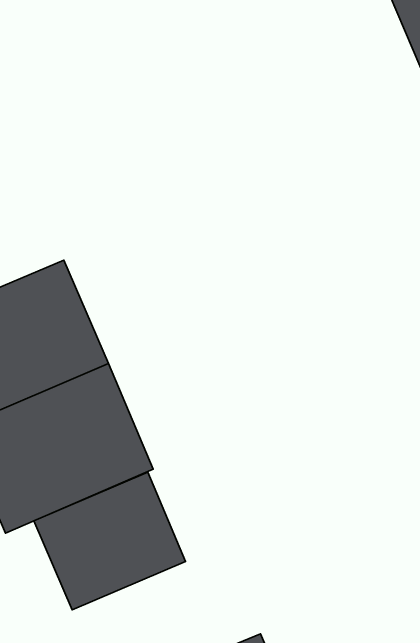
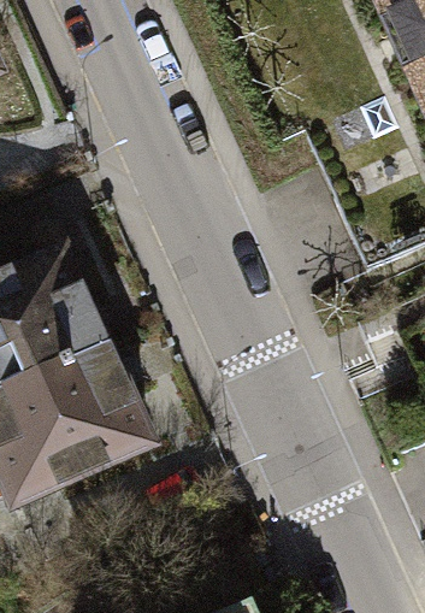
building: [34,472,186,610] -> none

